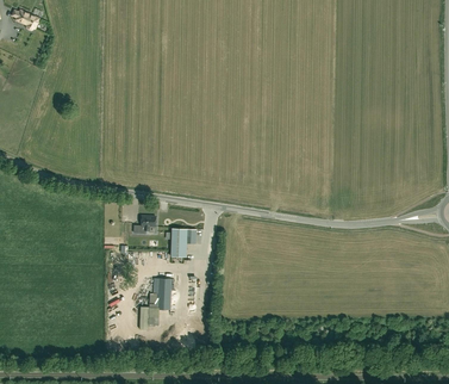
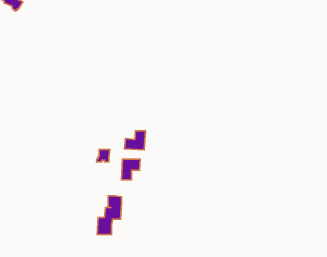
building: none -> [125,131,146,150]

